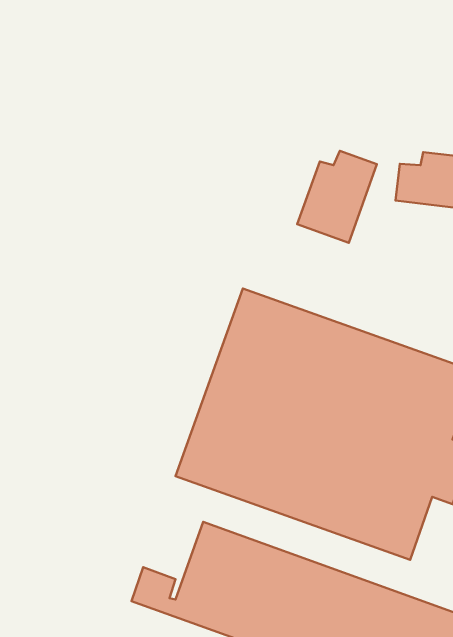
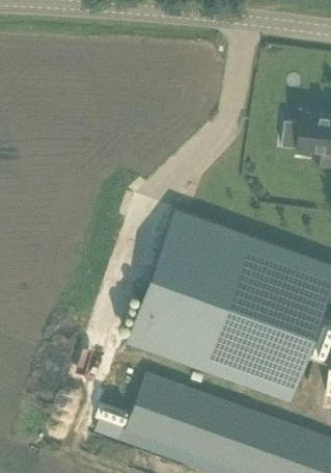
building: [297,151,377,243] -> none

